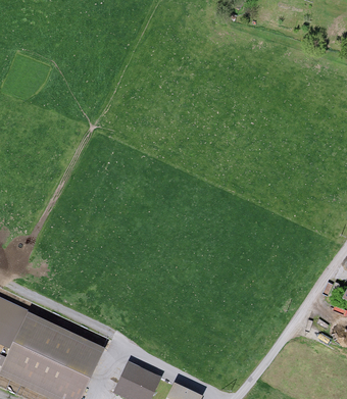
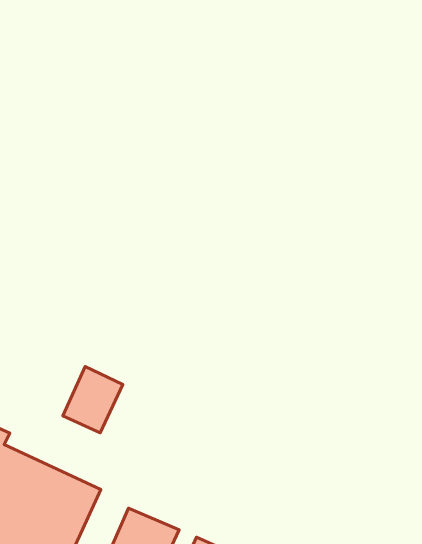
building: none -> [63,366,123,433]

